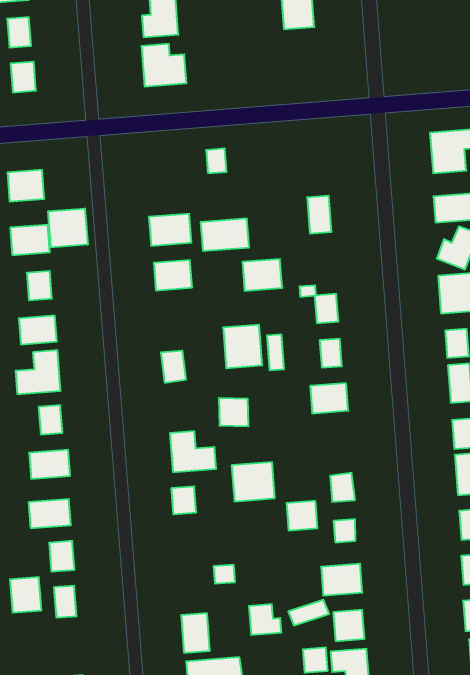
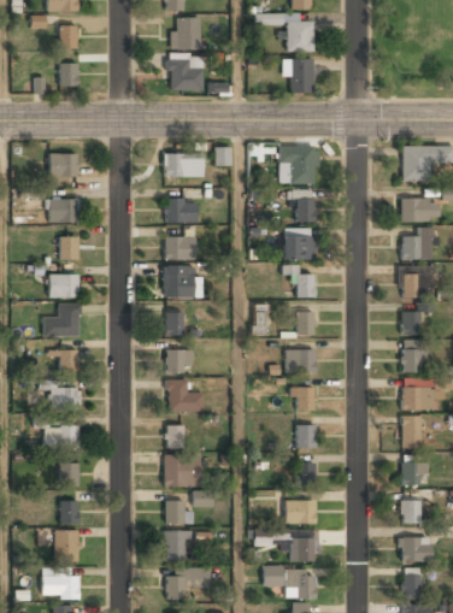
building: none -> [290,59,313,93]
building: none -> [280,147,317,184]
building: [48,208,88,247] -> none
building: [201,219,249,251] -> [165,153,204,177]
building: [242,259,282,291] -> [283,236,314,260]
building: [223,325,262,368] -> [164,266,194,300]
building: [219,398,248,426] -> [165,349,190,375]
building: [232,462,275,501] -> [165,456,199,487]
building: [286,501,317,531] -> [292,387,316,409]
building: [10,577,41,613] -> [55,531,80,559]
building: [249,604,281,635] -> [165,501,190,525]

